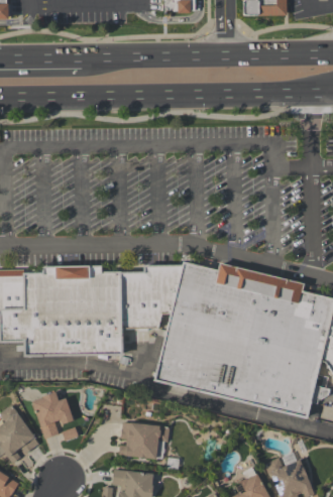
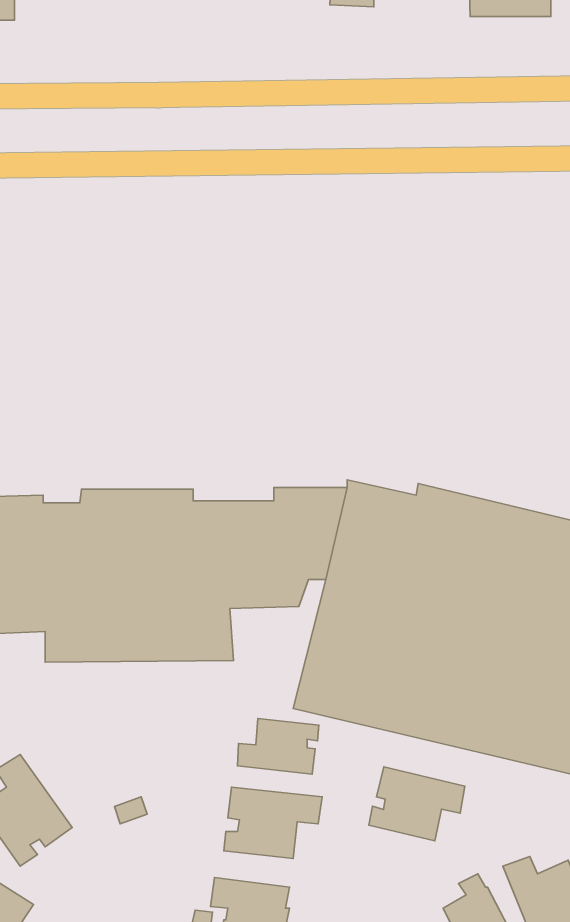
building: none -> [238,718,319,774]
building: [32,392,74,440] -> none
building: none -> [369,767,465,841]

